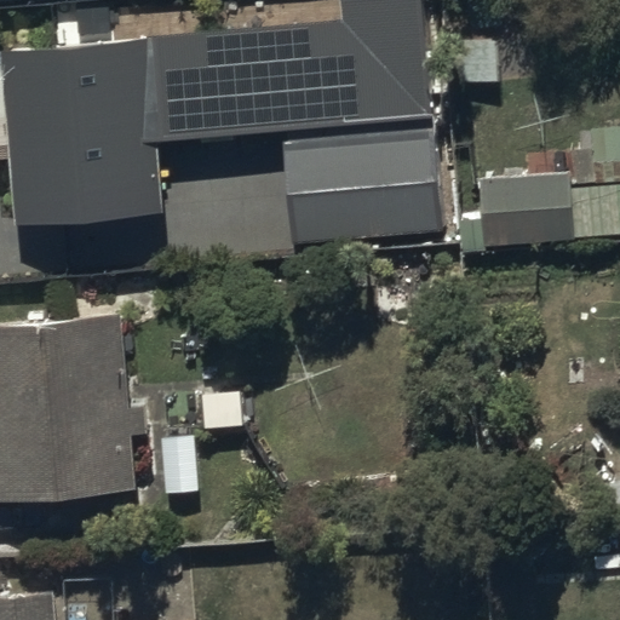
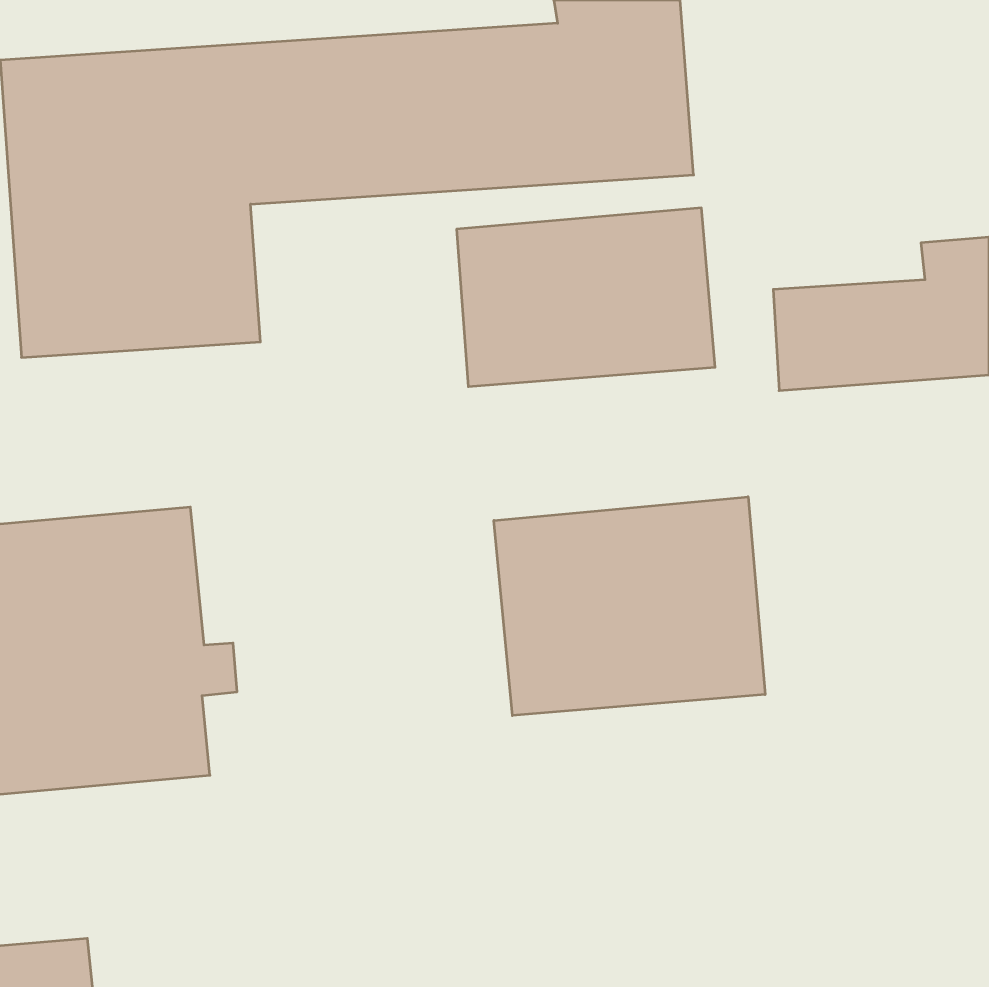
building: none -> [494,497,765,716]

